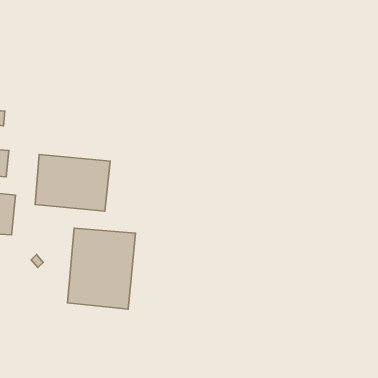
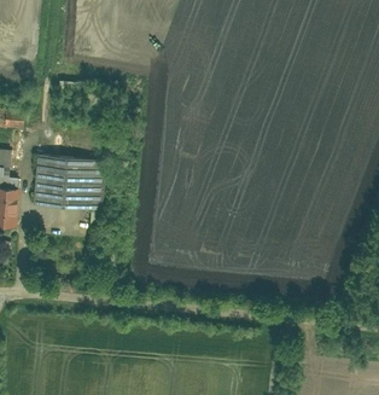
building: [68,228,135,309] -> none

